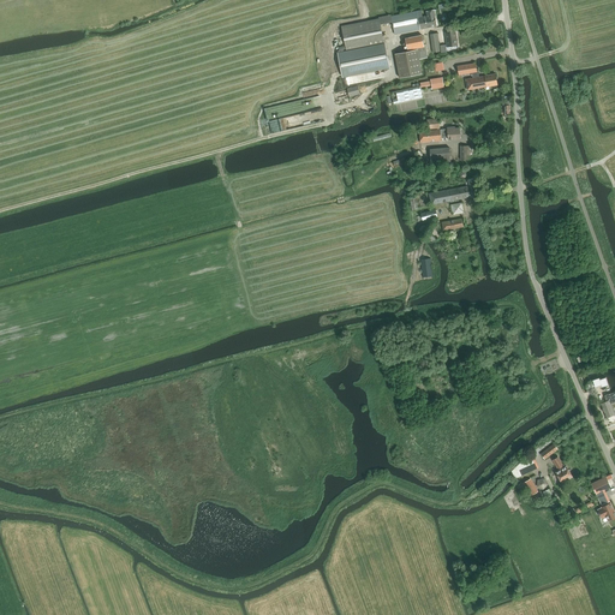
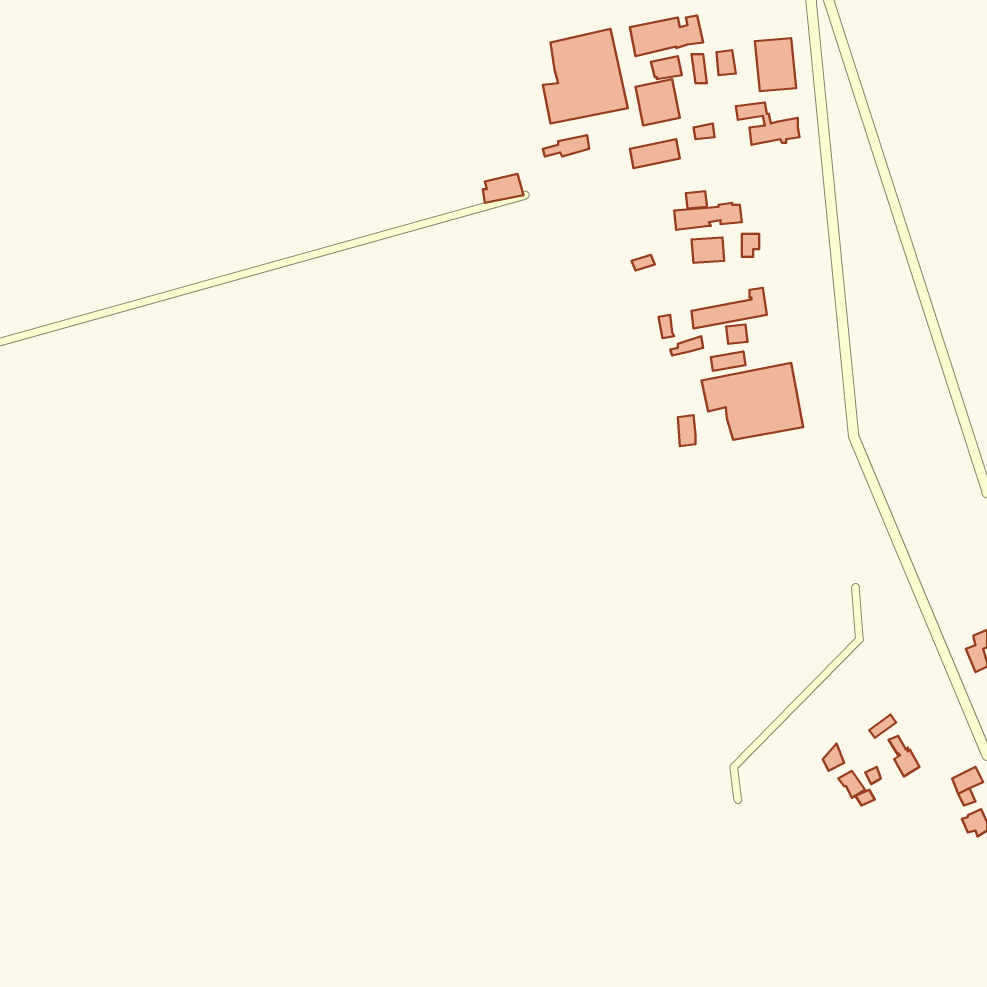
building: none -> [755,38,796,91]
building: none -> [702,363,803,440]

